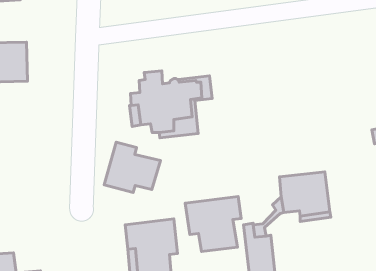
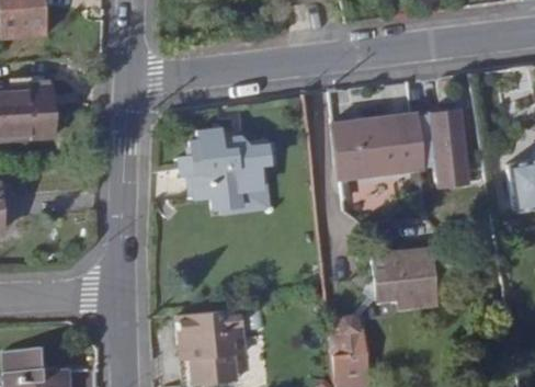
building: none -> [334,107,470,187]
building: [104,142,160,192] -> none
building: [185,196,241,251] -> none

